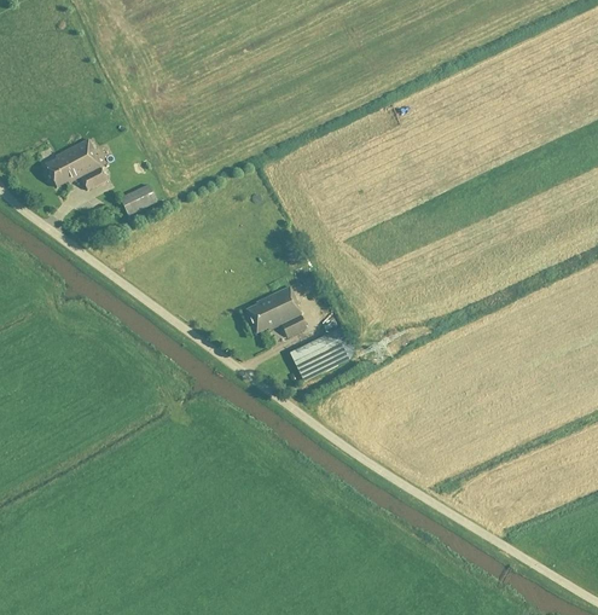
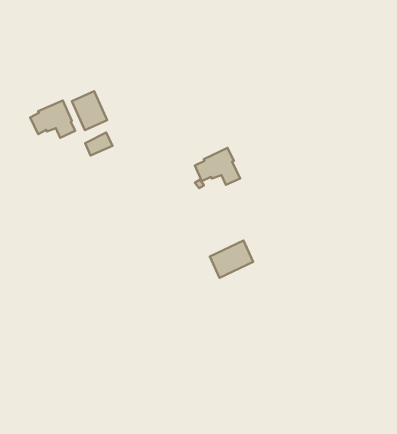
building: none -> [72,91,107,130]
building: [245,285,307,336] -> [195,148,240,185]

